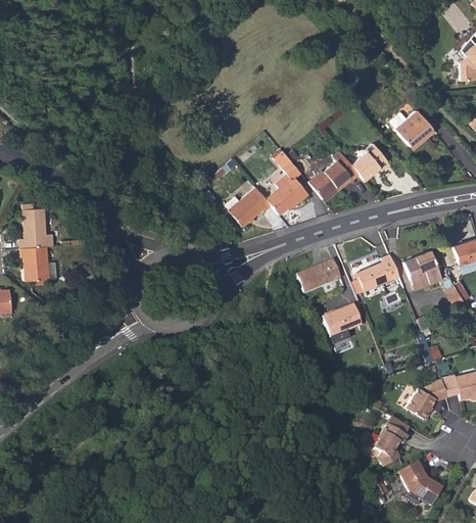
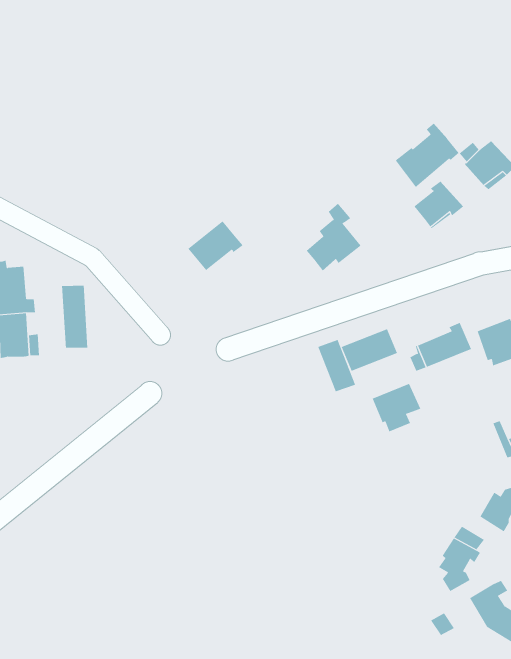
building: [311,151,362,202] -> [395,123,460,188]
building: [230,186,274,226] -> [188,220,243,271]
building: none -> [62,285,88,349]
building: none -> [318,339,356,392]

